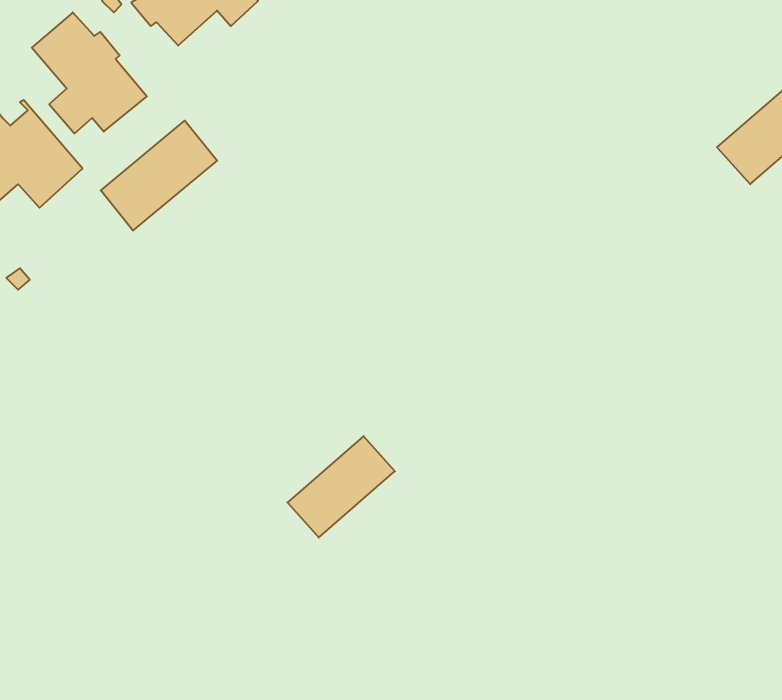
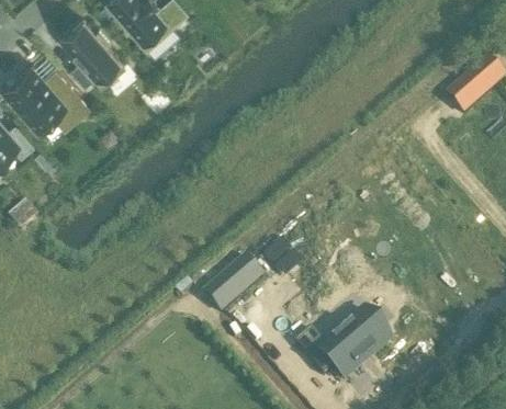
building: [101,121,217,231] -> none
building: none -> [292,310,387,379]

